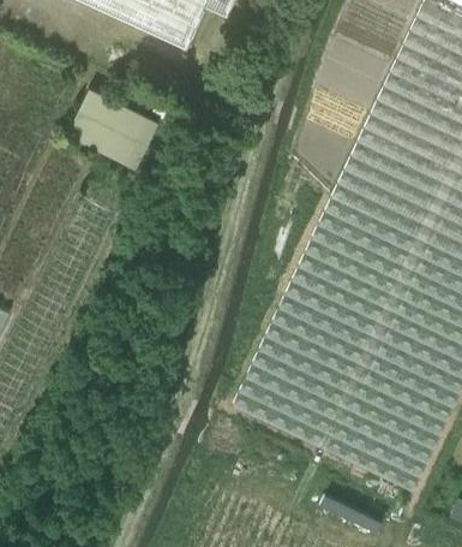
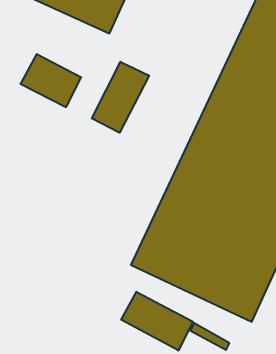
building: none -> [92,62,149,133]
building: none -> [121,292,193,351]

